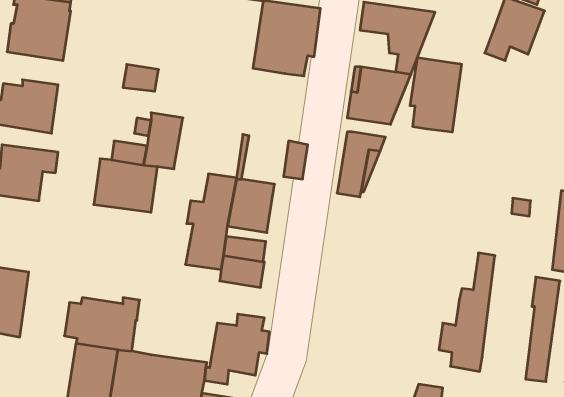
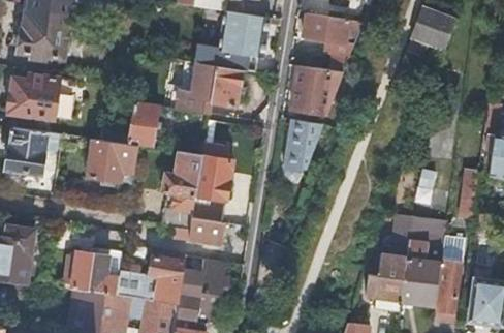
building: [410,57,462,132] -> none
building: none -> [178,62,242,113]
building: none -> [402,217,447,305]
building: none -> [118,255,186,304]

